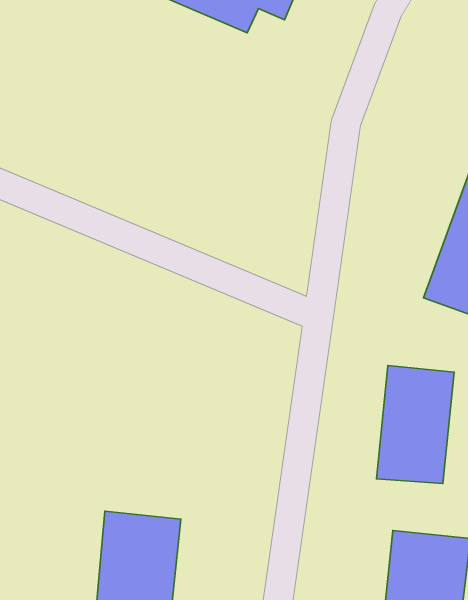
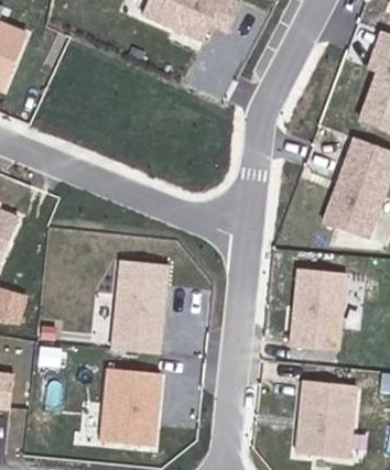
building: none -> [110,260,166,354]

